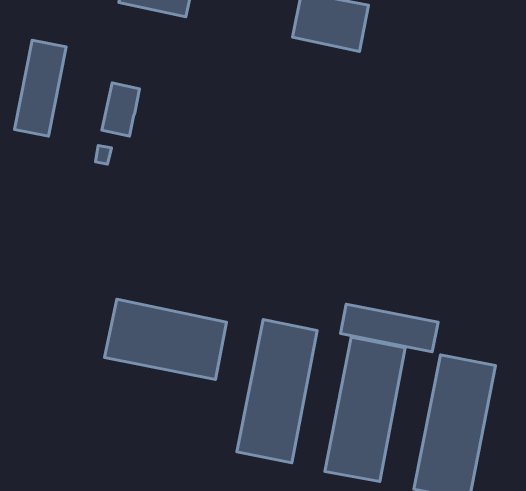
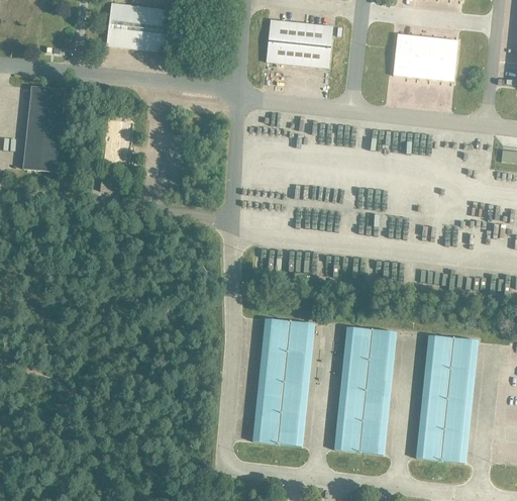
building: none -> [393,34,458,81]
building: [105,299,227,379] -> none
building: [340,304,438,352] -> none

